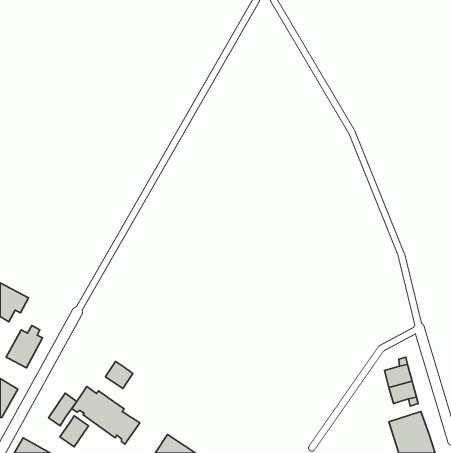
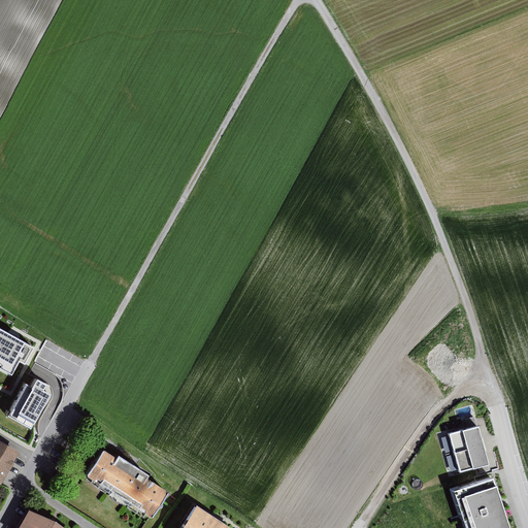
building: [105,362,133,389] -> none
building: [48,393,77,426] -> none
building: [60,416,89,447] -> none

